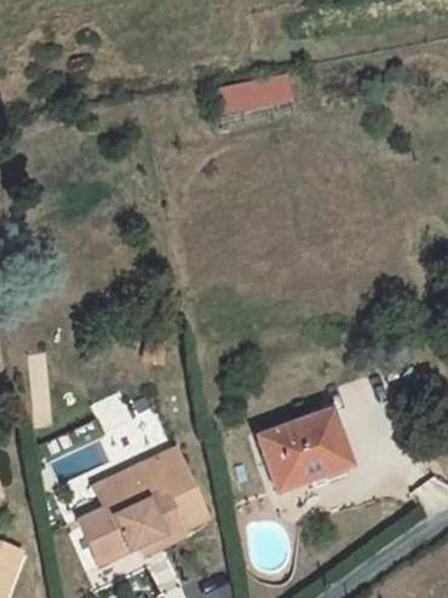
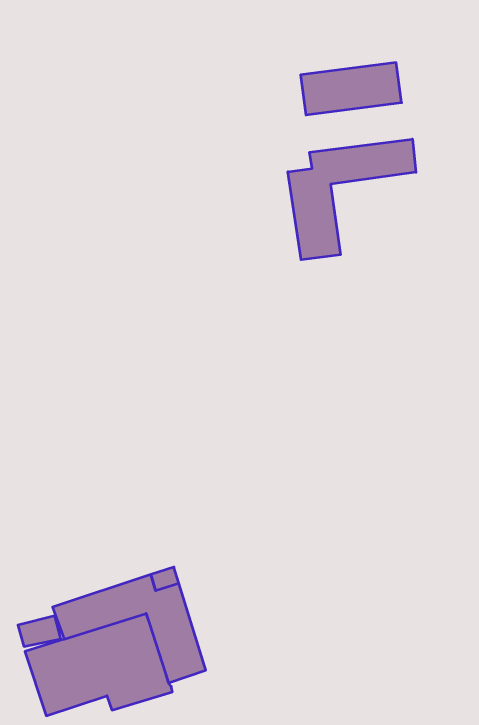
building: none -> [288,139,416,260]
building: [257,410,348,489] -> none

